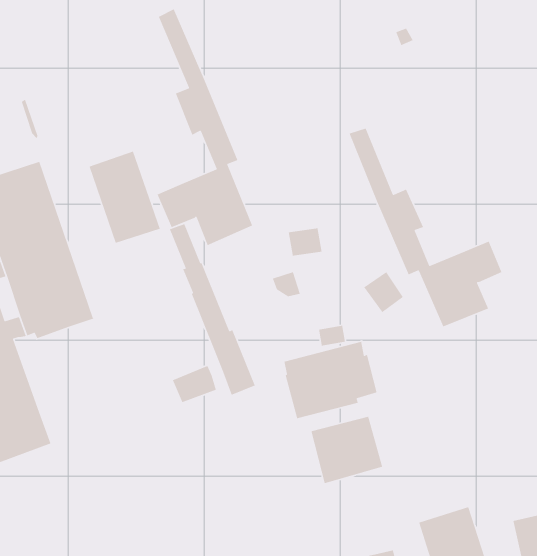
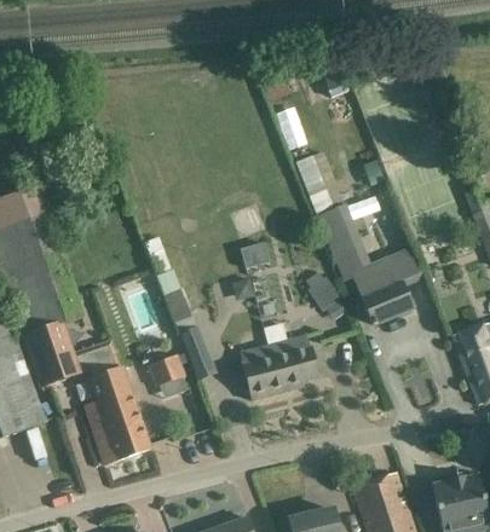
building: [157,8,253,246] -> none
building: [88,151,161,244] -> none
building: none -> [21,324,150,464]
building: [311,416,383,484] -> none

